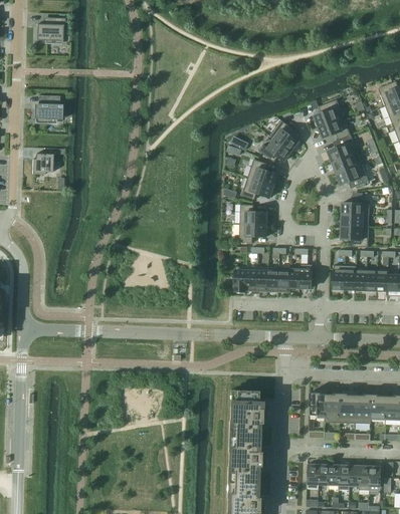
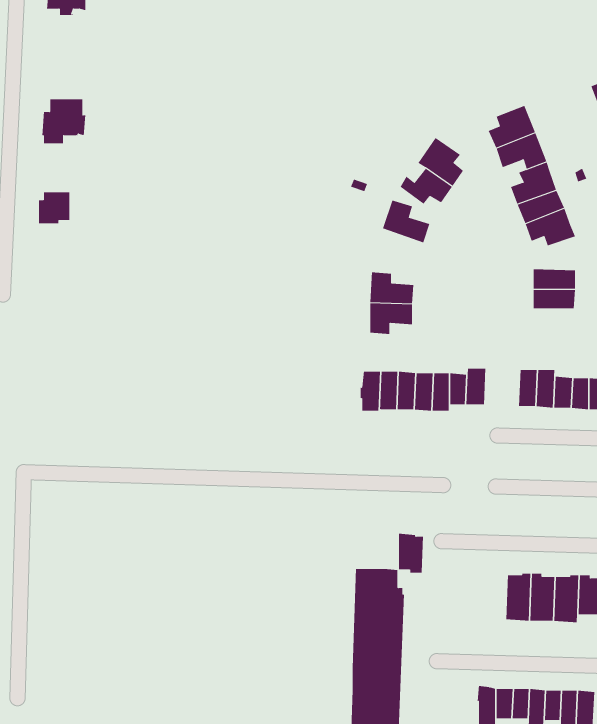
building: [242,177,274,199] -> none
building: [342,227,369,246] -> none
building: [311,392,327,422] -> [398,533,424,581]

